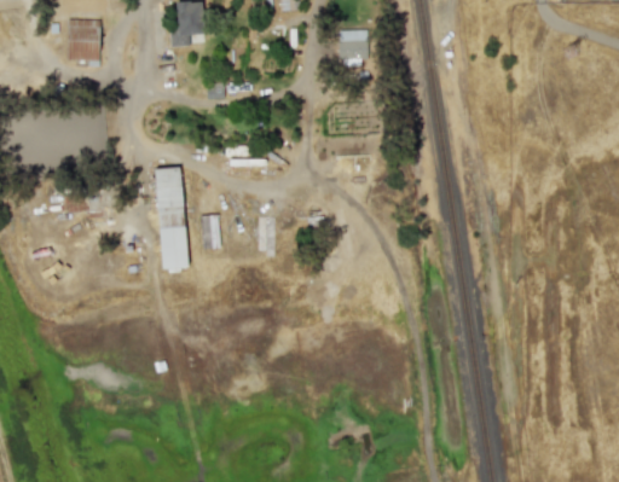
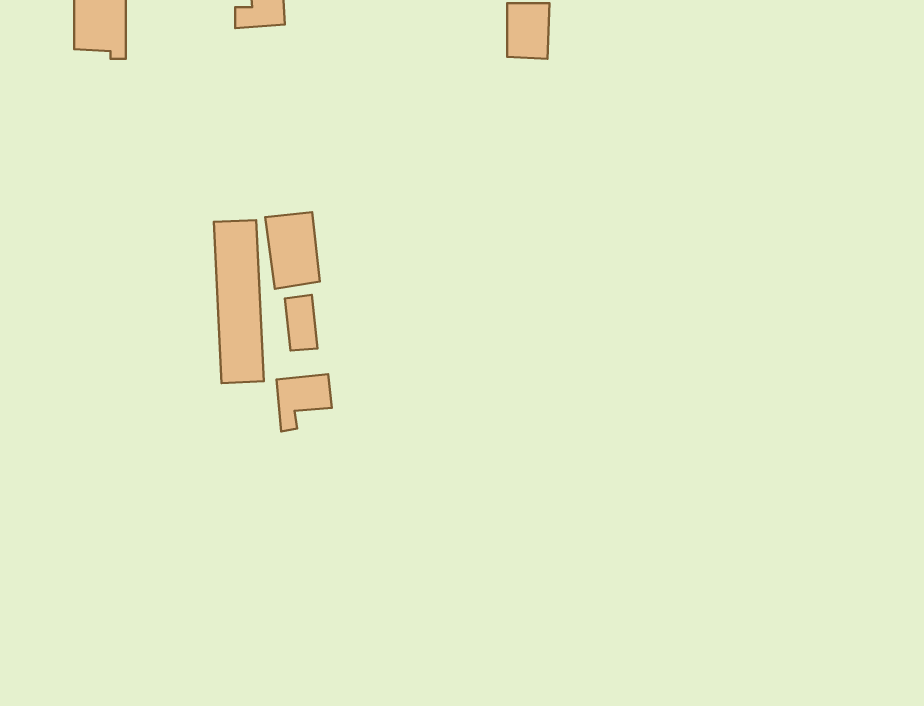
building: none -> [265,212,320,289]
building: none -> [276,374,332,431]

